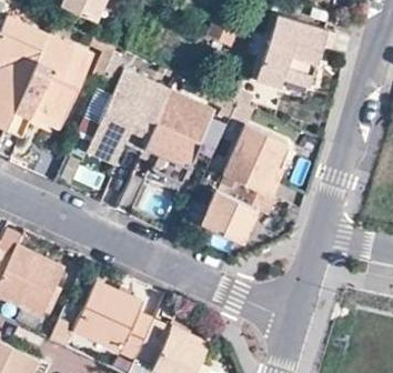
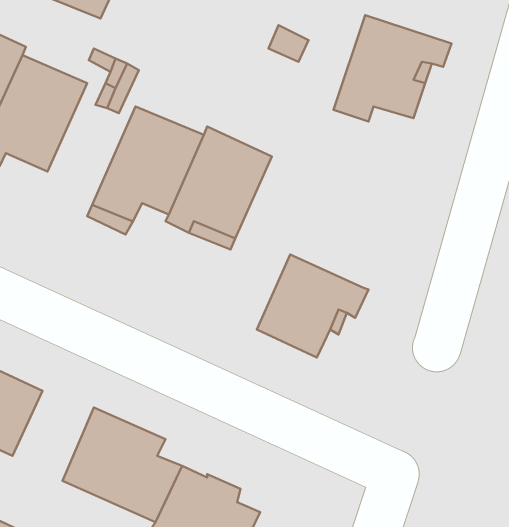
building: [225,127,290,198] -> none

